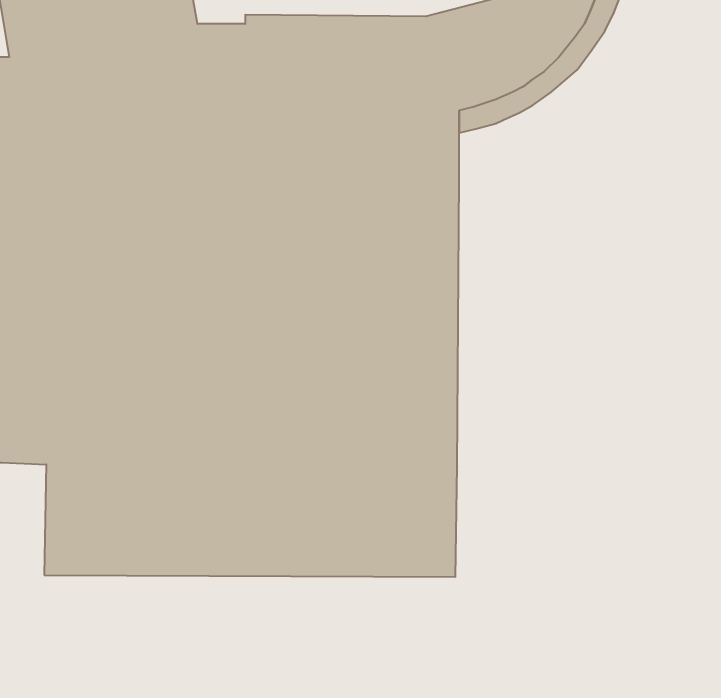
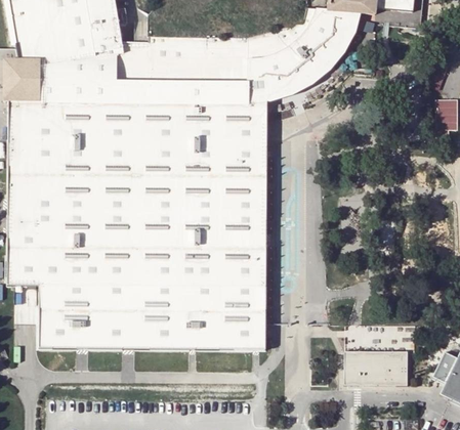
building: none -> [343,351,407,386]

